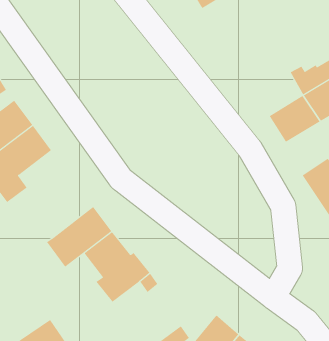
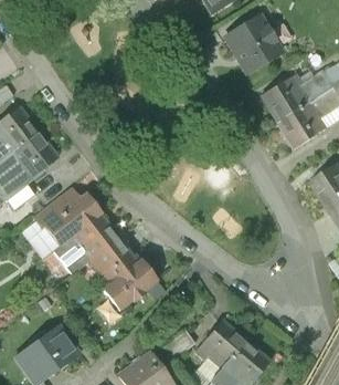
building: none -> [225,15,280,71]
building: none -> [261,72,311,121]
building: none -> [33,186,102,243]

